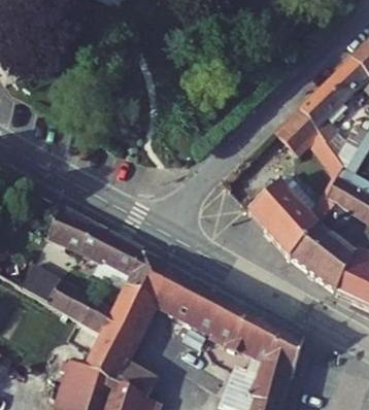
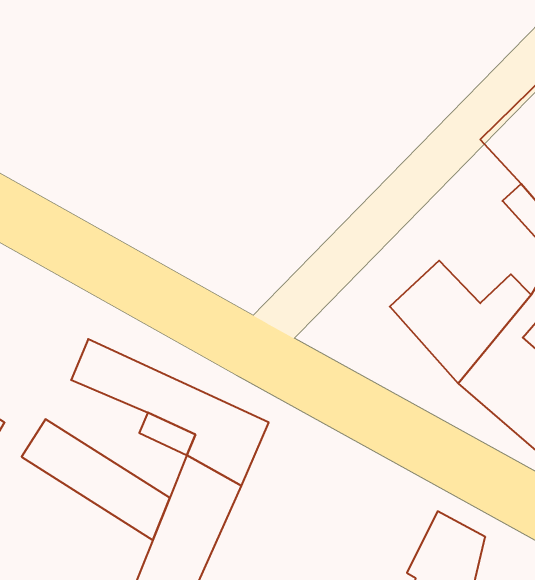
building: [271,102,322,152] -> none
building: [153,273,271,364] -> none

